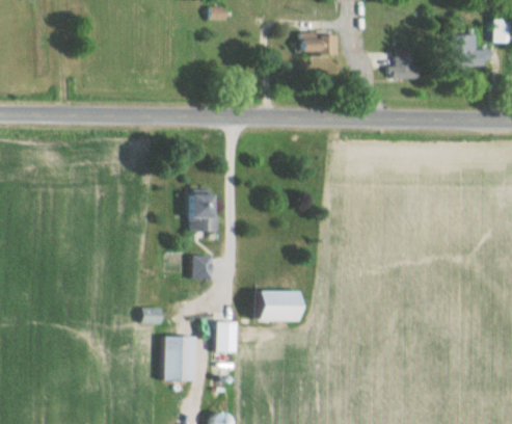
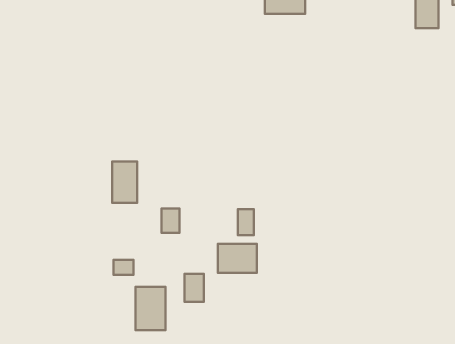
building: [395,57,426,78] -> none
building: [189,189,215,232] -> [112,162,137,203]
building: none -> [238,209,254,235]

